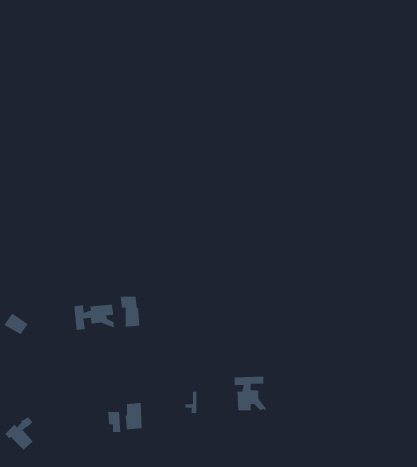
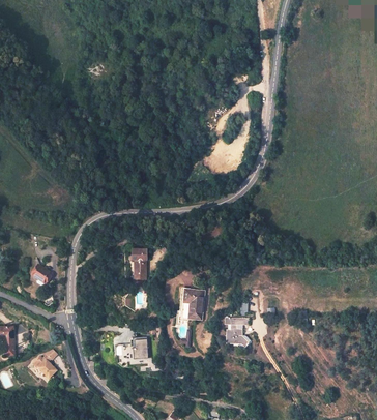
building: [73,304,116,331] -> none
building: none -> [180,288,202,319]

